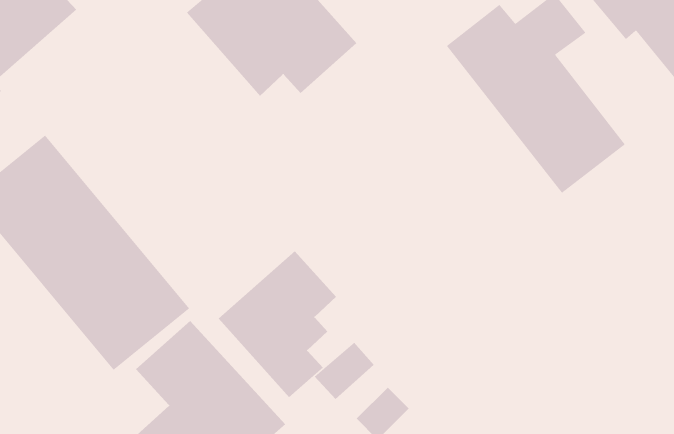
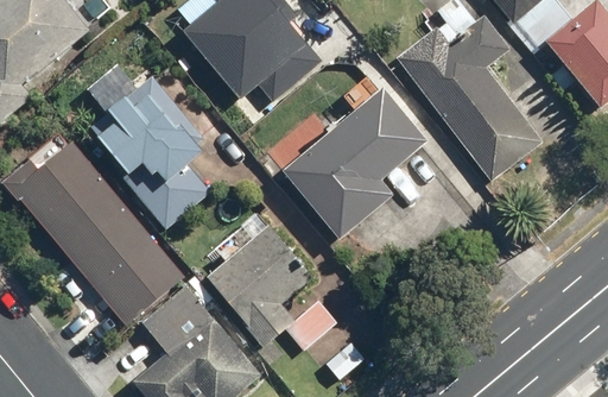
building: none -> [284,73,431,241]
building: none -> [97,74,214,228]

